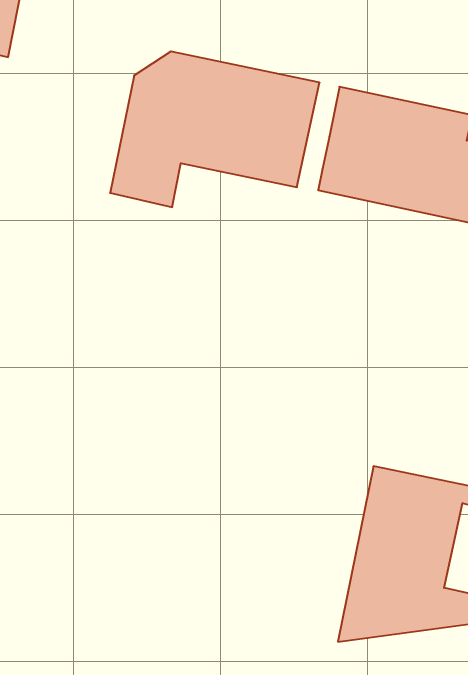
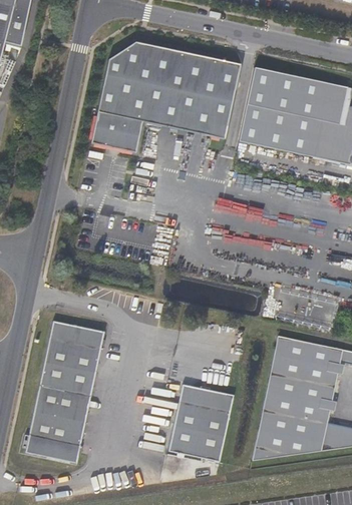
building: none -> [23,320,104,461]
building: none -> [169,384,235,461]

